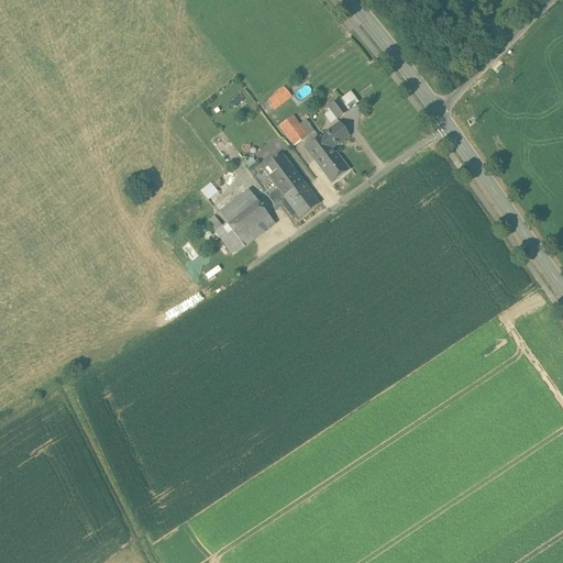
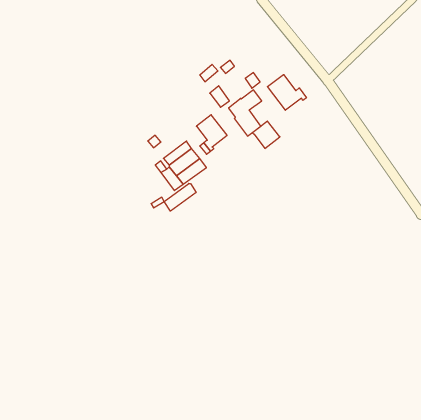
building: none -> [267,75,306,110]
building: [283,180,319,217] -> [253,121,280,148]
building: none -> [164,183,196,211]

